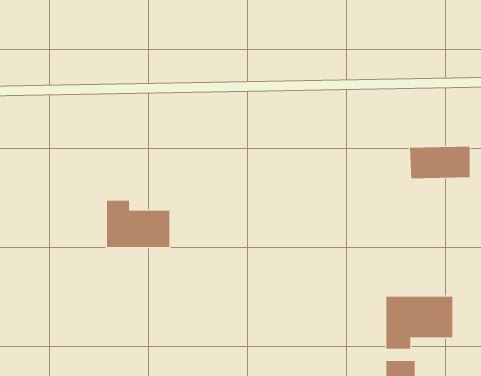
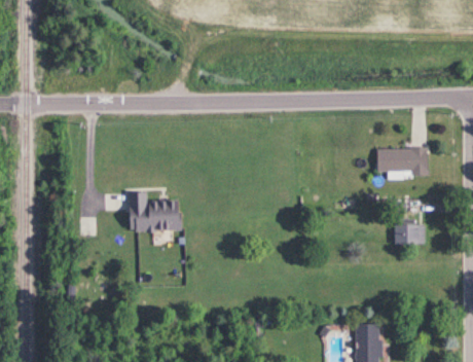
building: none -> [394,220,425,243]
building: [386,296,453,349] -> none

